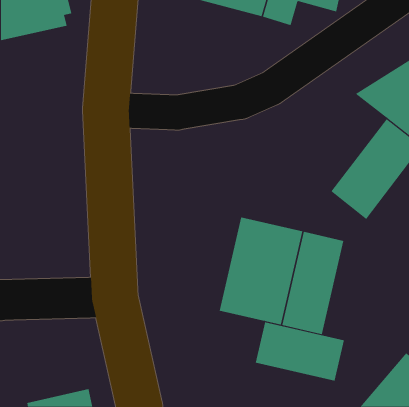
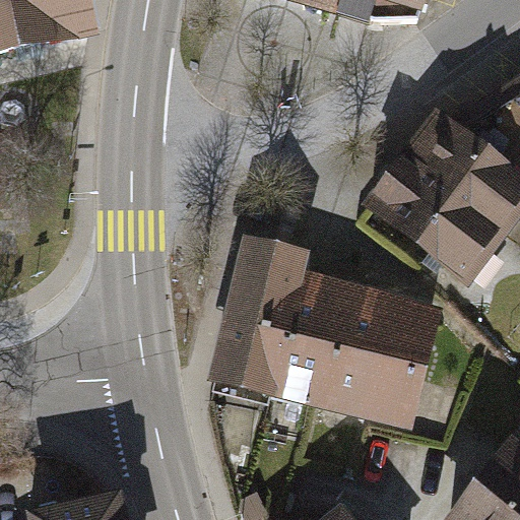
building: none -> [369,111,491,242]
building: none -> [210,239,311,393]
building: [255,321,344,382] -> none

